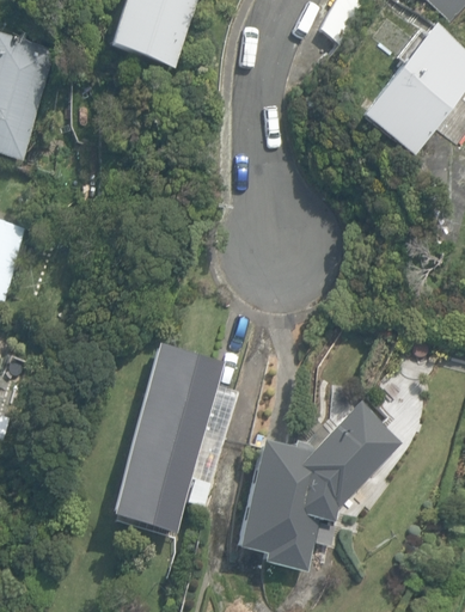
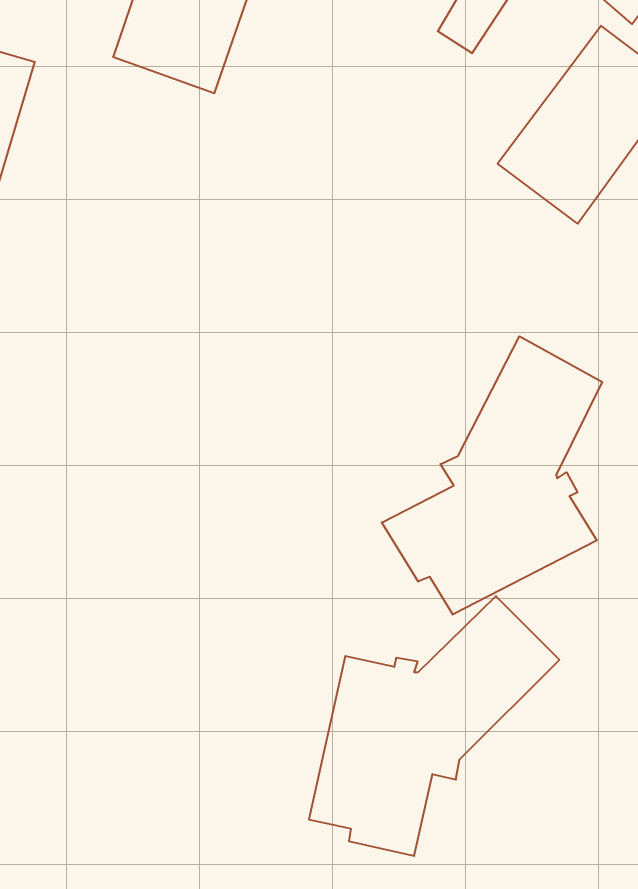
building: none -> [382,336,602,615]
building: [111,341,240,532] -> none

